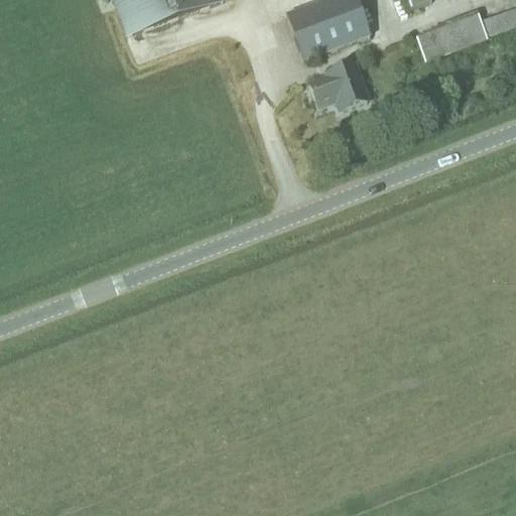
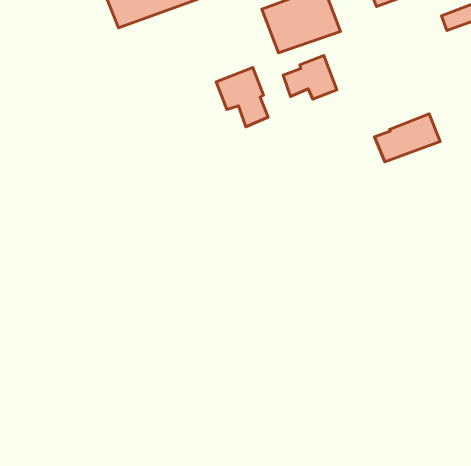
building: [416,6,488,58] -> [375,114,440,162]
building: none -> [216,67,268,127]

